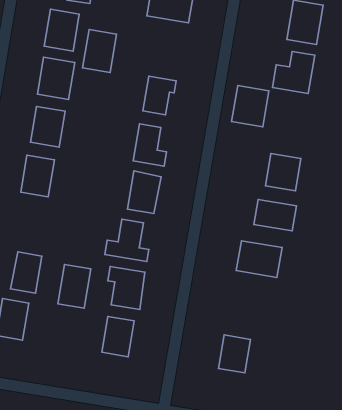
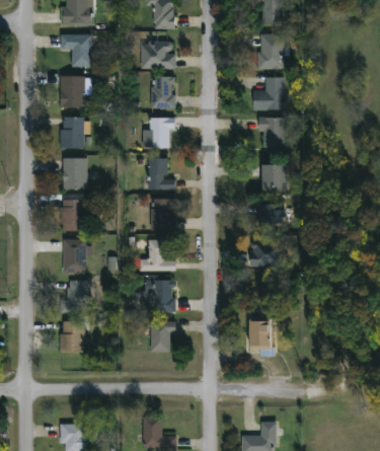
building: [83,30,117,72] -> [152,76,175,108]
building: [232,86,269,127] -> [259,118,286,148]
building: [58,264,91,308] -> [64,238,86,272]

